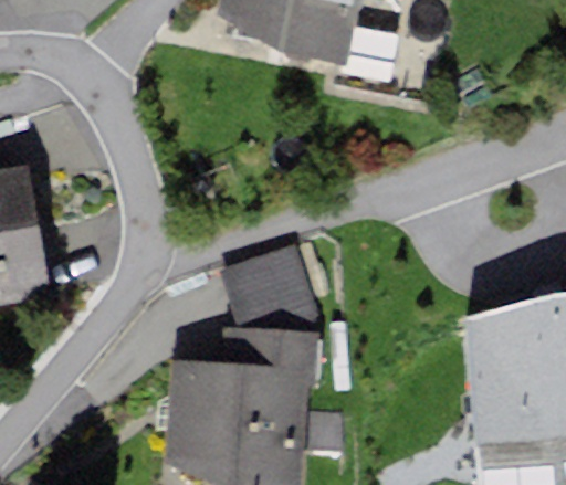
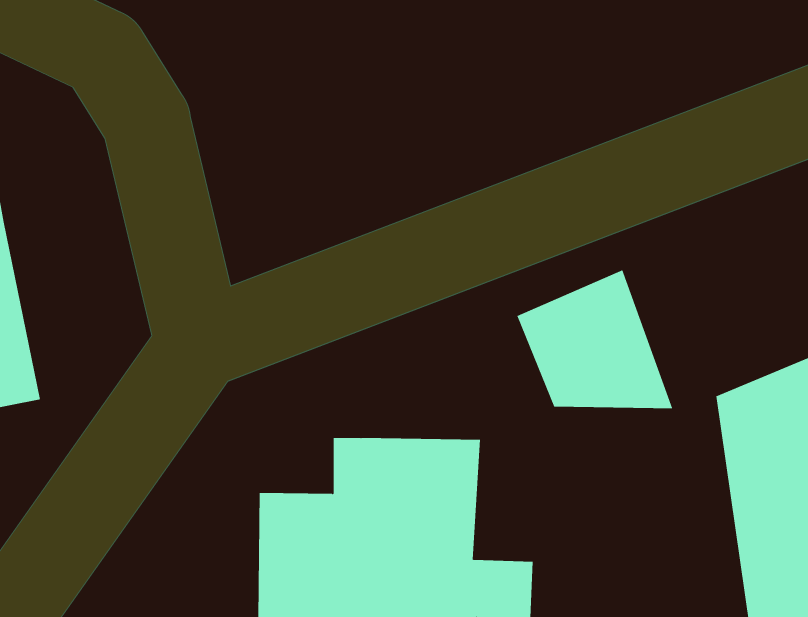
building: [220,247,315,337] -> [517,269,673,409]

